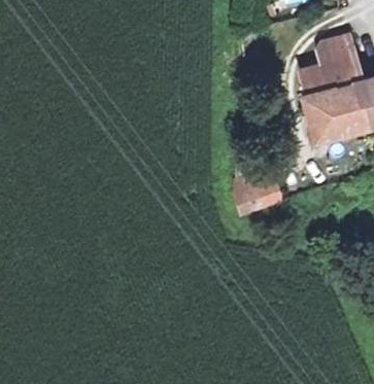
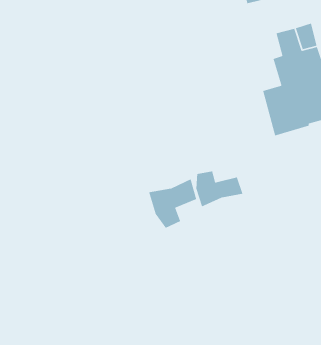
building: none -> [148,178,197,229]

